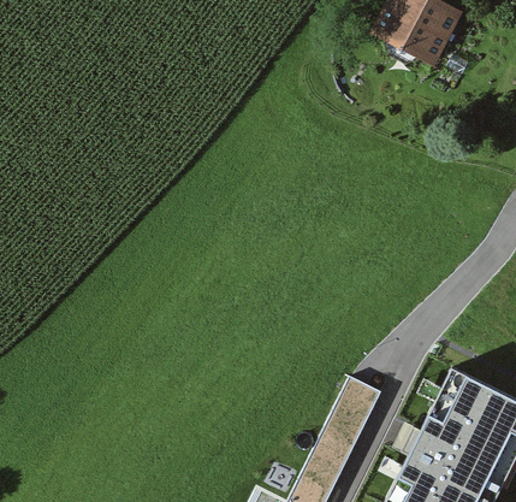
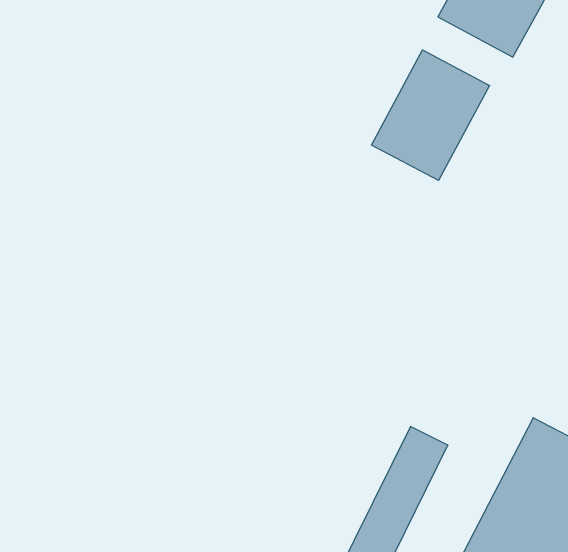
building: none -> [371,50,490,180]

